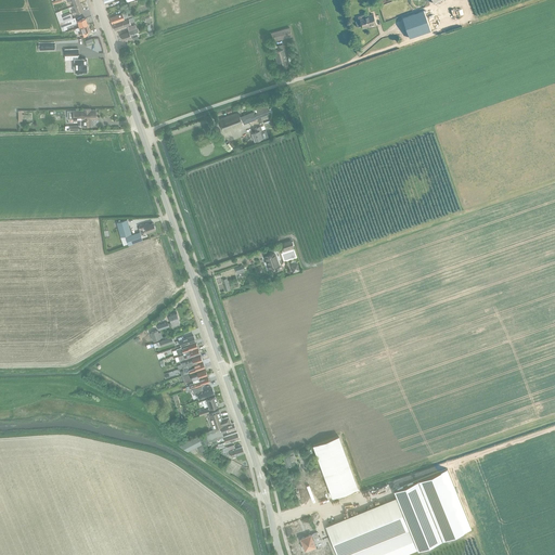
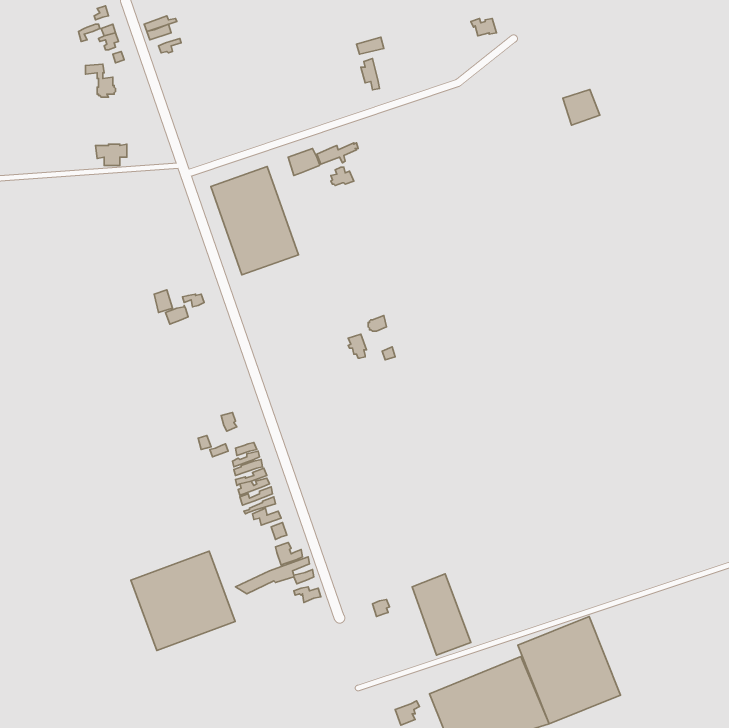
building: [403,12,431,39] -> [563,89,600,125]
building: none -> [211,166,298,275]
building: none -> [131,551,235,651]

